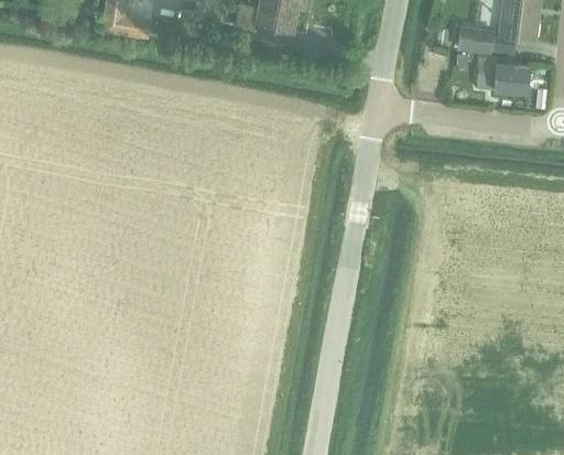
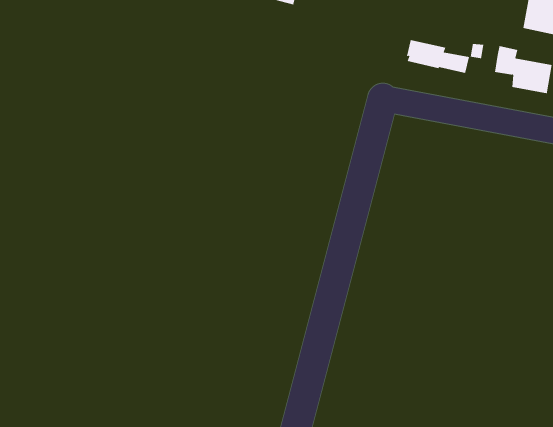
building: [454,25,511,52] -> [406,39,470,74]

